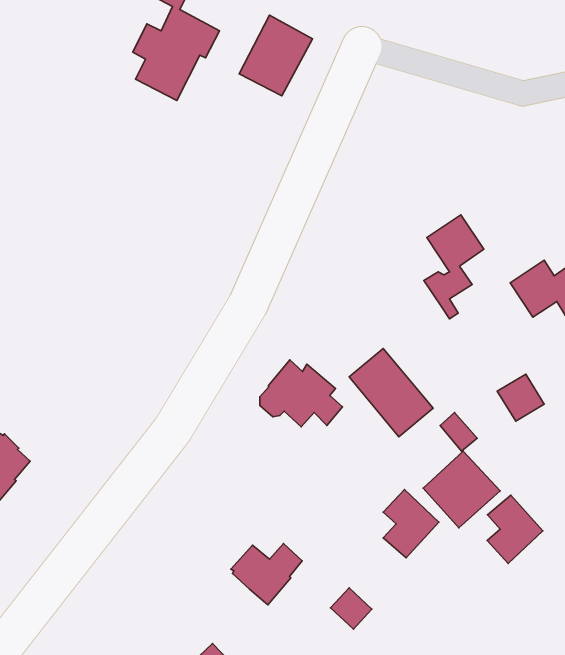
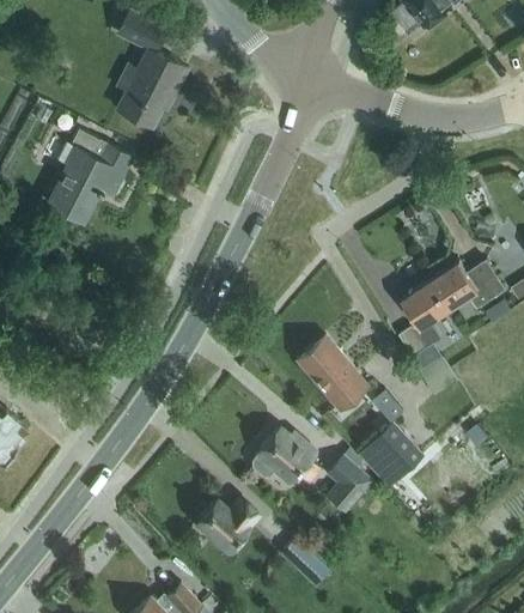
building: [239,15,312,96] -> none
building: none -> [48,129,132,221]
building: [424,215,484,319] -> [401,280,451,368]
building: [260,360,343,427] -> [252,429,322,485]
building: [487,495,543,563] -> none

